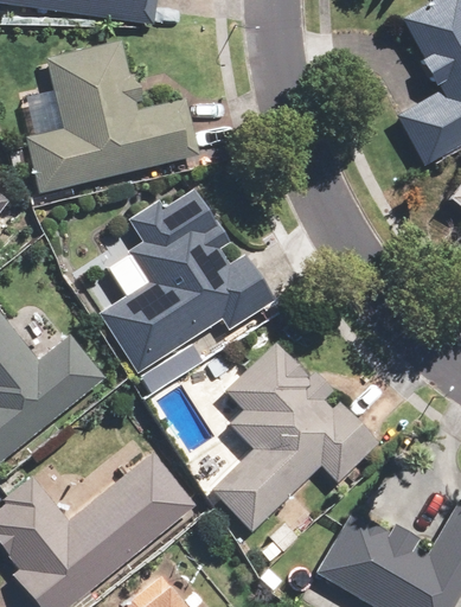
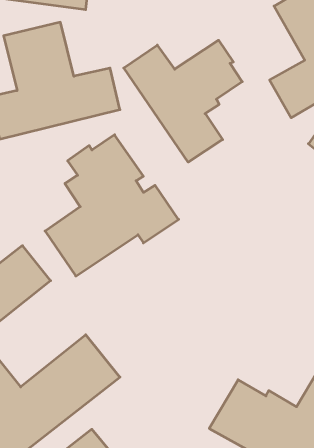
building: none -> [124,40,242,162]
building: [210,339,380,533] -> none

